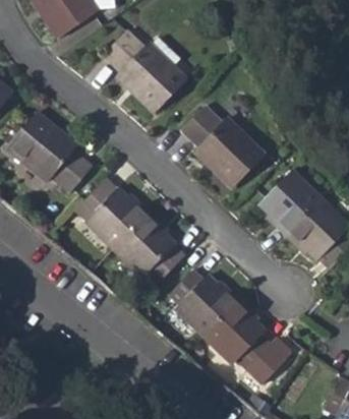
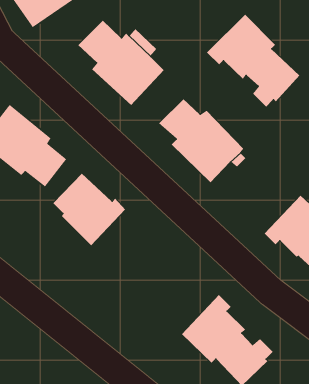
building: none -> [206,14,300,107]
building: [257,171,318,237] -> none
building: [115,214,183,286] -> none
building: [168,268,239,335] -> none

